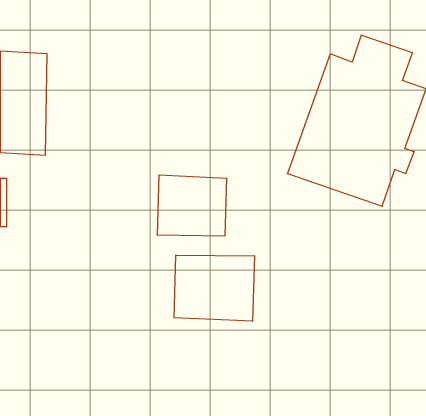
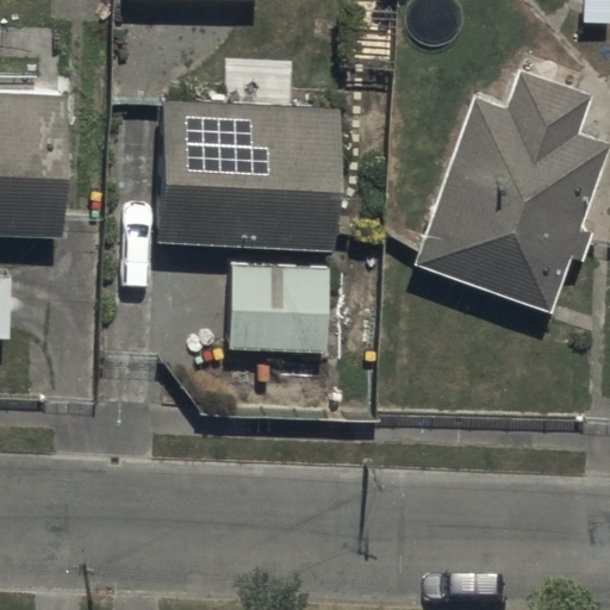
building: none -> [162,101,340,249]
building: [174,255,254,321] -> none

